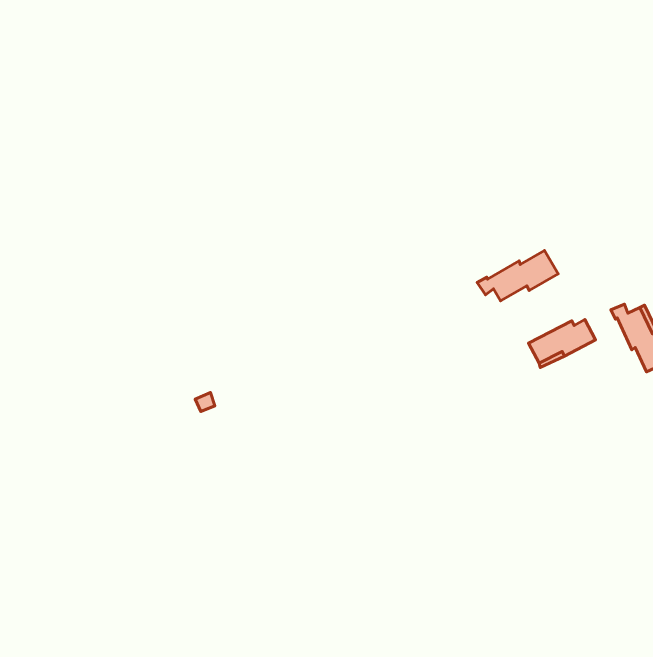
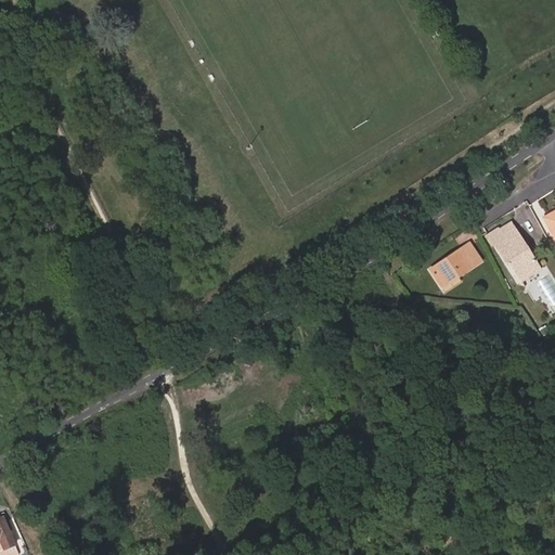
building: [477,251,558,301] -> none

